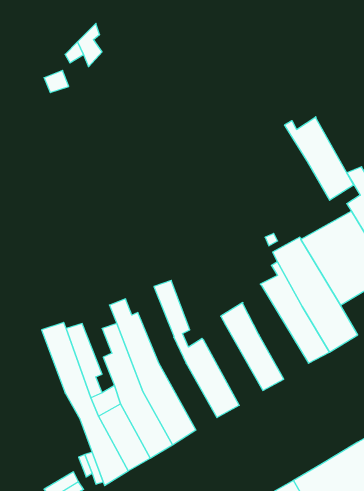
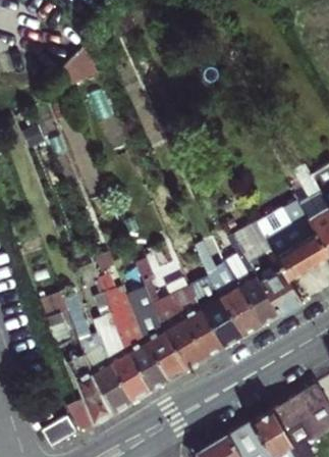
building: [285,117,354,200] -> none
building: none -> [193,242,260,340]
building: none -> [119,280,184,382]
building: none -> [172,295,222,361]

